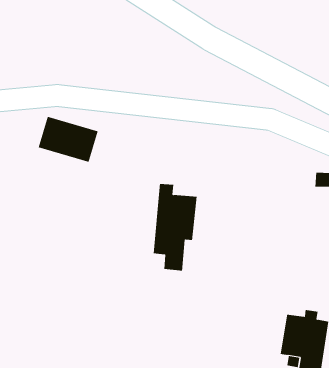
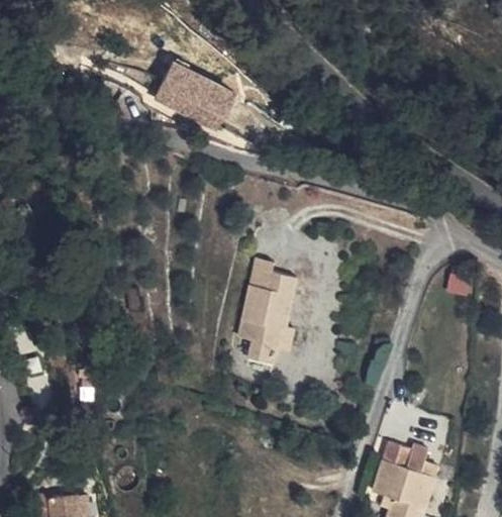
building: [38,116,98,163] -> [165,65,241,129]

